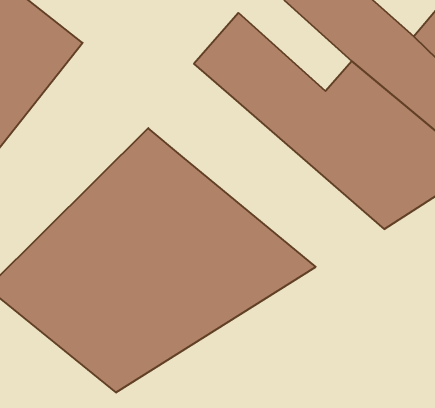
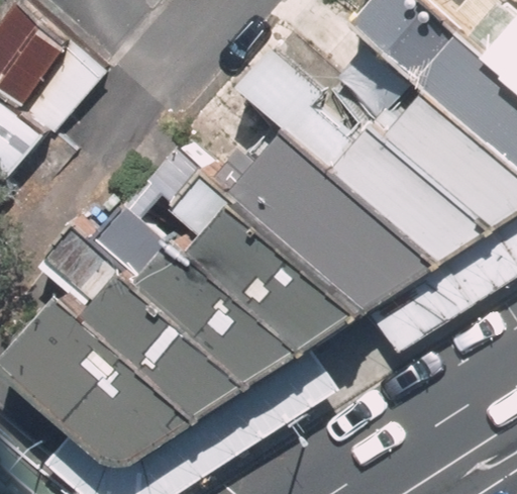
building: none -> [211,123,443,317]

